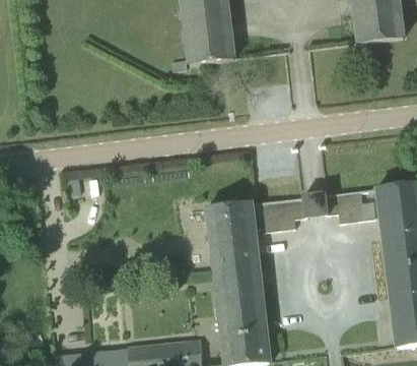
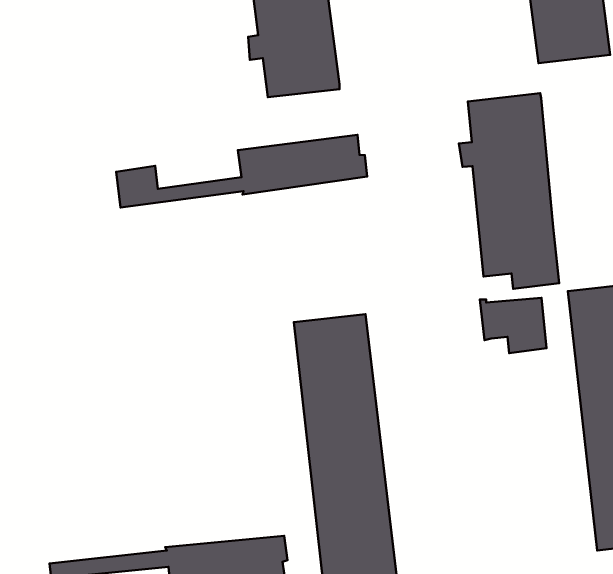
building: none -> [459,93,559,289]
building: none -> [116,135,367,207]
building: [260,196,304,224] -> none

